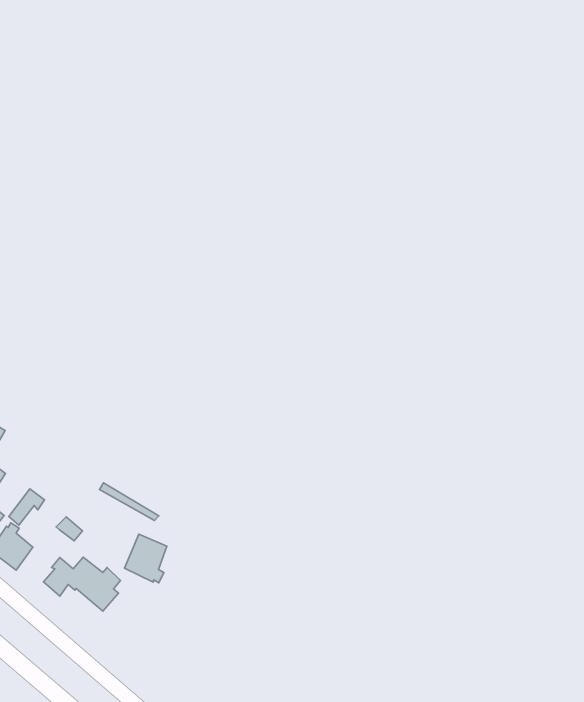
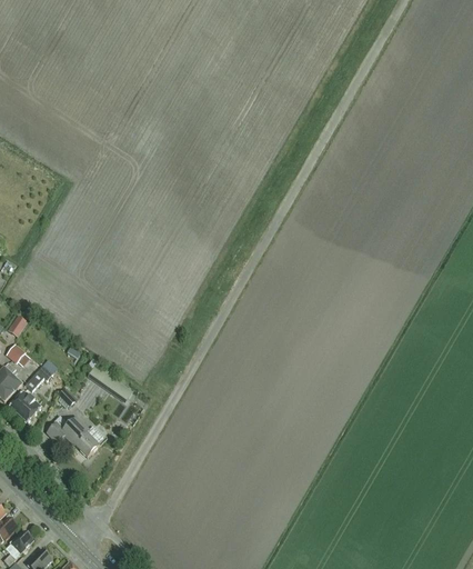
building: [124,534,167,583] -> none

